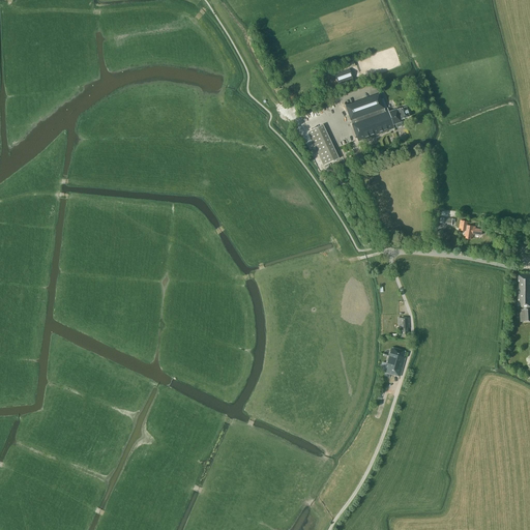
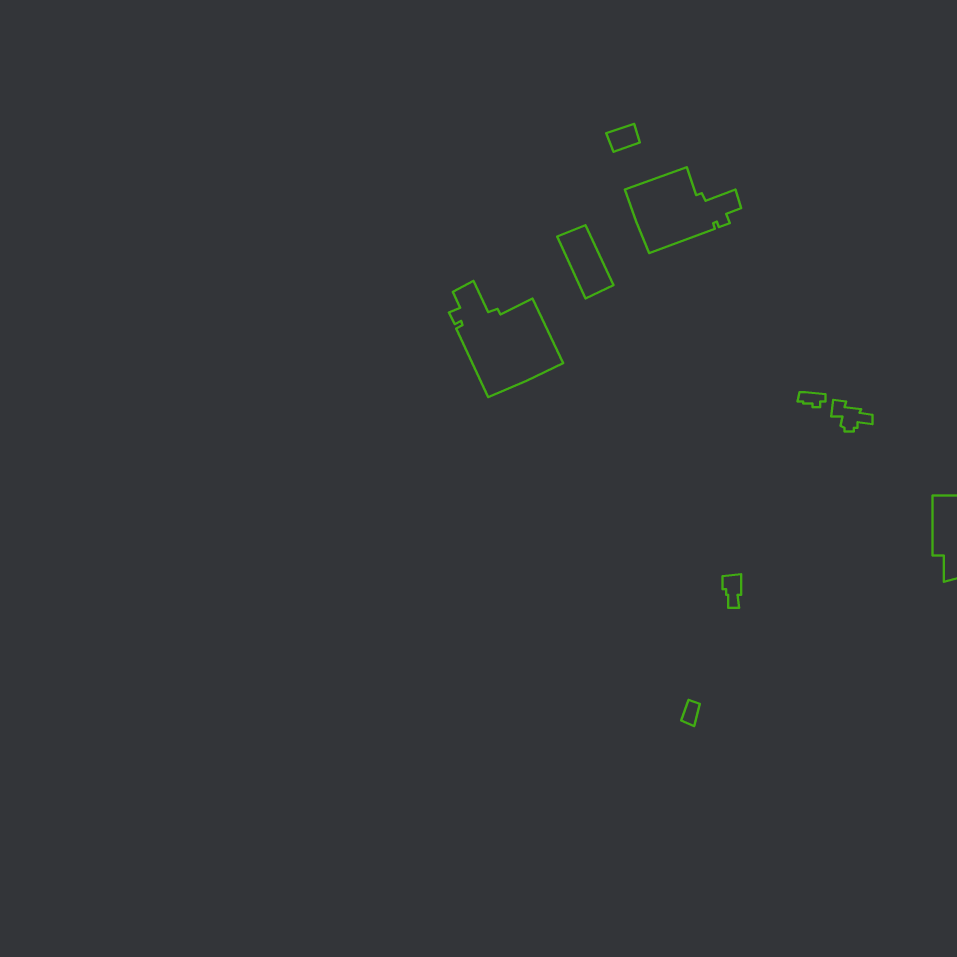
building: none -> [449,281,563,397]
building: [385,347,407,376] -> none

